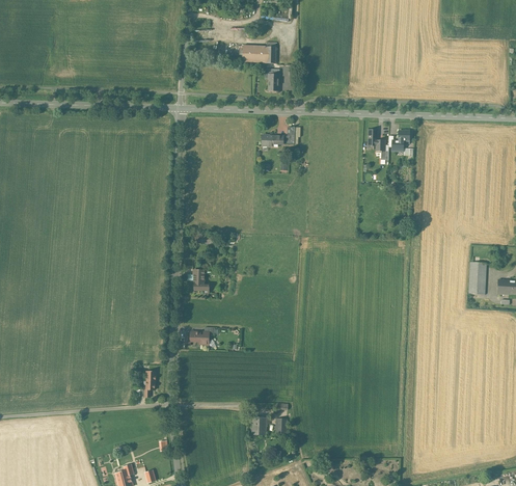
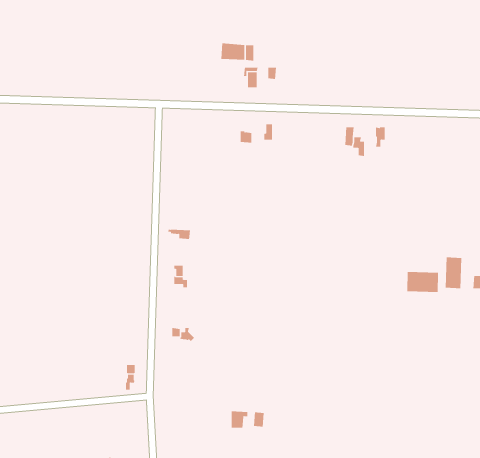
building: none -> [407,271,438,293]

